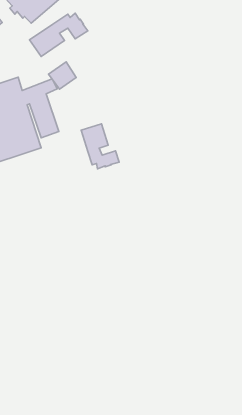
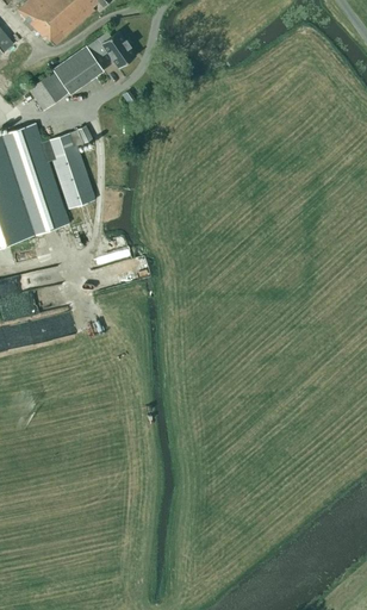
building: [49,62,76,89] -> [27,71,67,111]
building: [81,124,119,169] -> none

